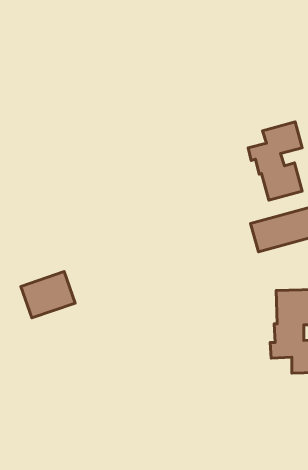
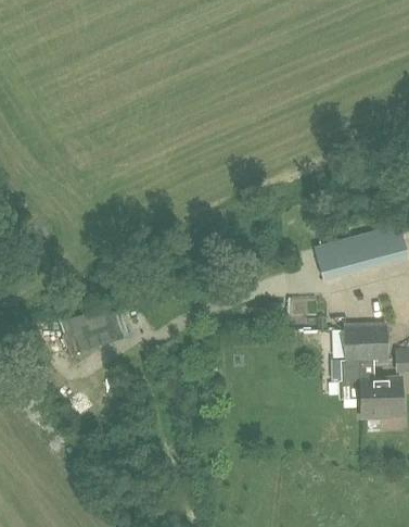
building: [248,122,302,200] -> none

